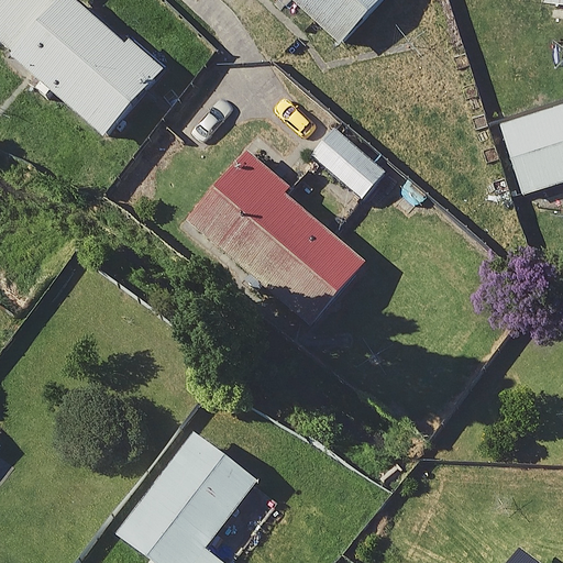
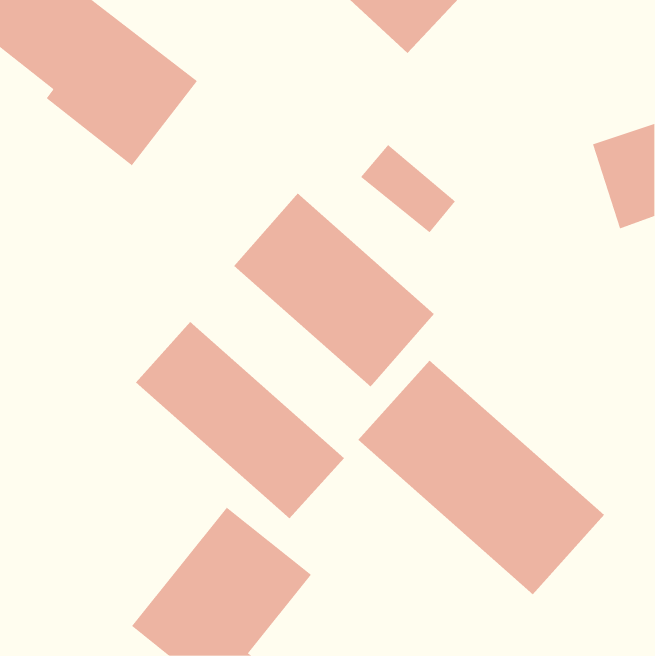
building: none -> [135,321,345,519]
building: none -> [358,360,605,595]

